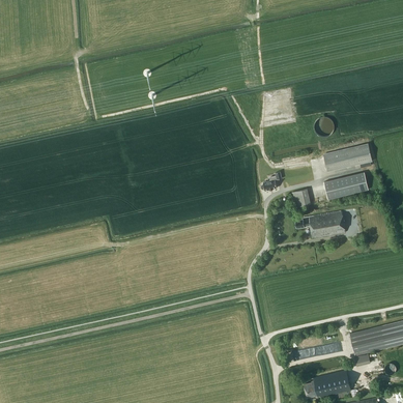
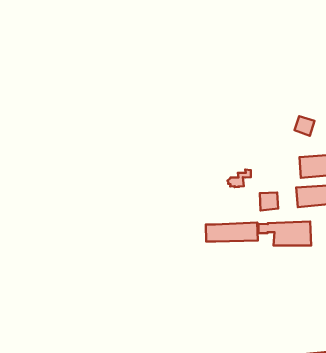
building: none -> [206,223,258,242]

